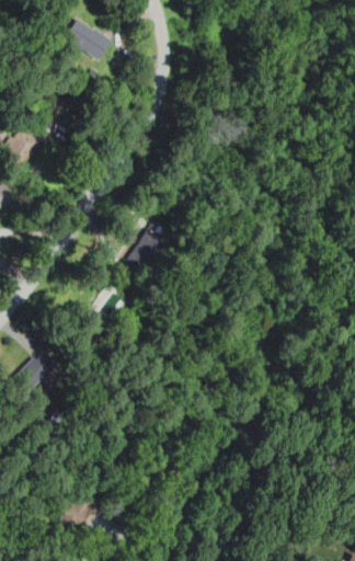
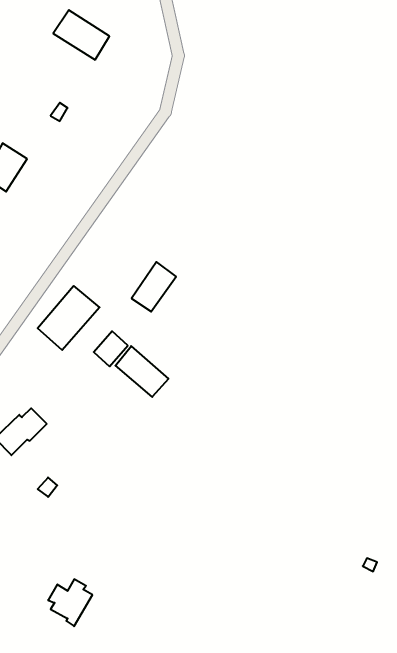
building: none -> [38,286,100,350]
building: none -> [115,346,168,397]

